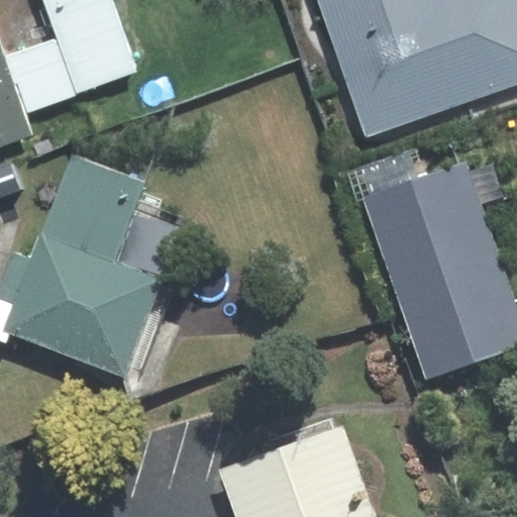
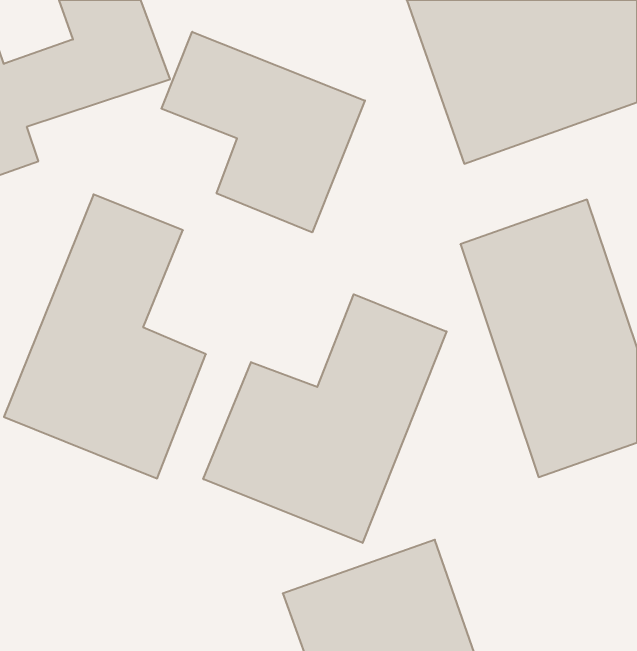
building: none -> [161,32,365,232]
building: none -> [203,294,447,543]

